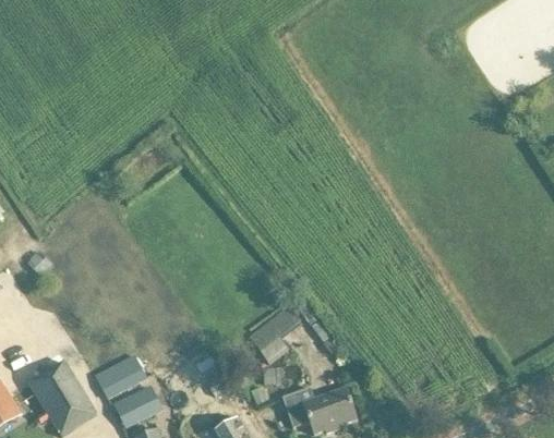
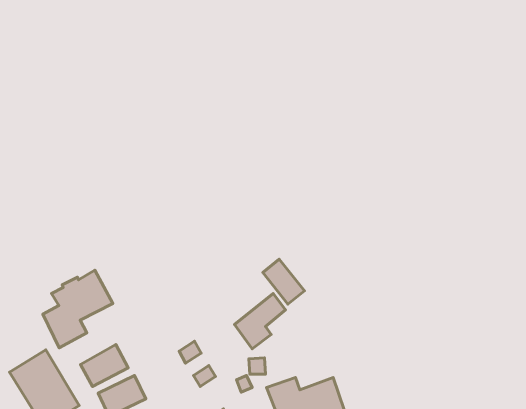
building: none -> [263,259,304,304]
building: none -> [43,270,113,348]

